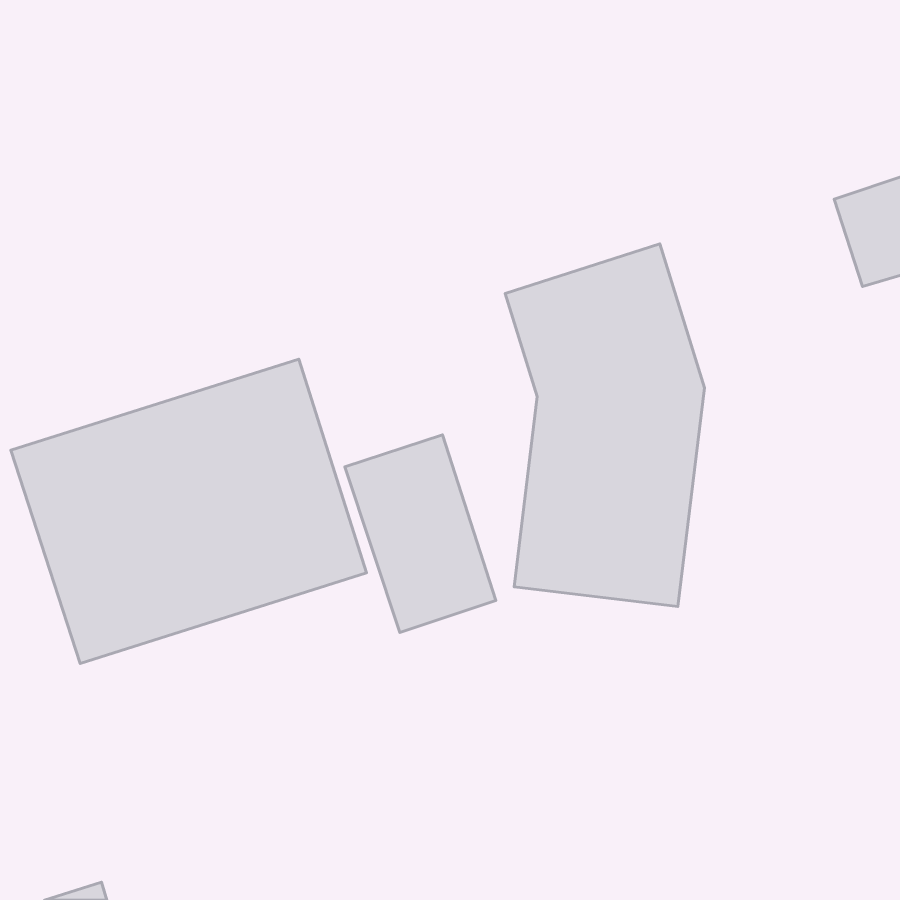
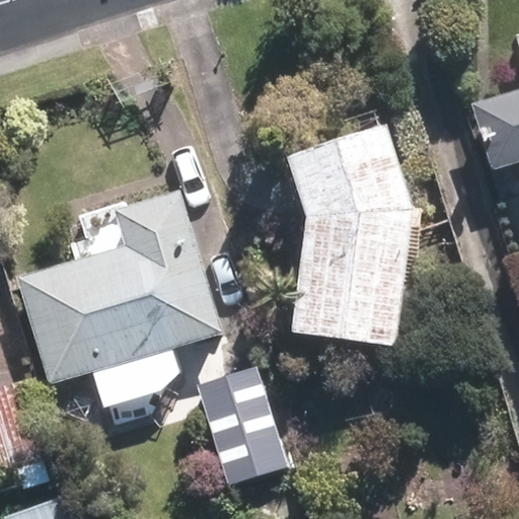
building: [345,435,496,632] -> [202,369,288,481]

